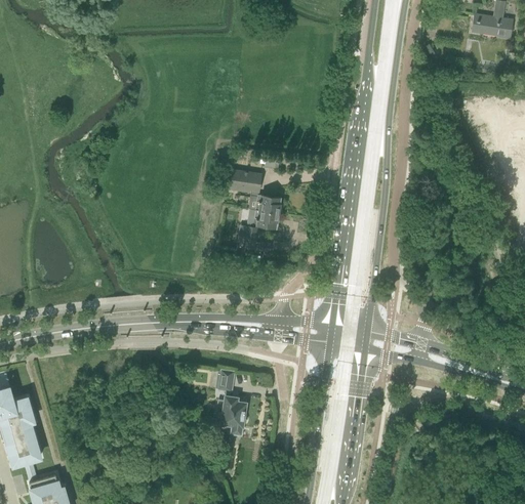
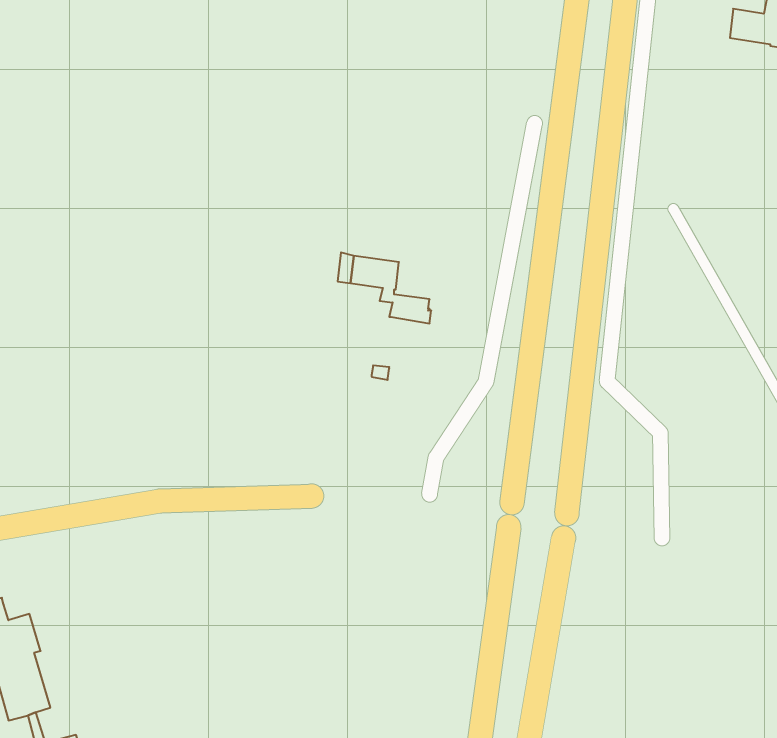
building: [241,209,281,239] -> none
building: [218,370,246,433] -> none

